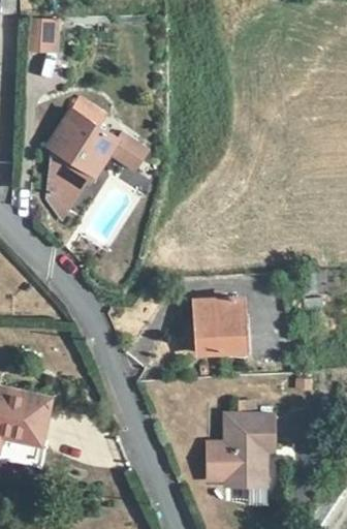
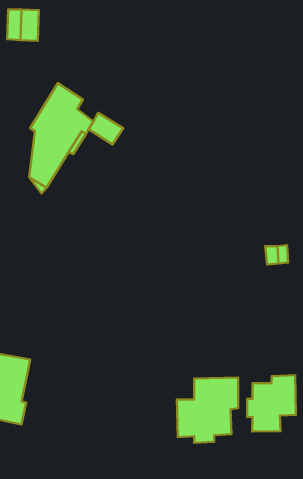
building: [195,300,244,353] -> none
building: none -> [247,375,296,432]

